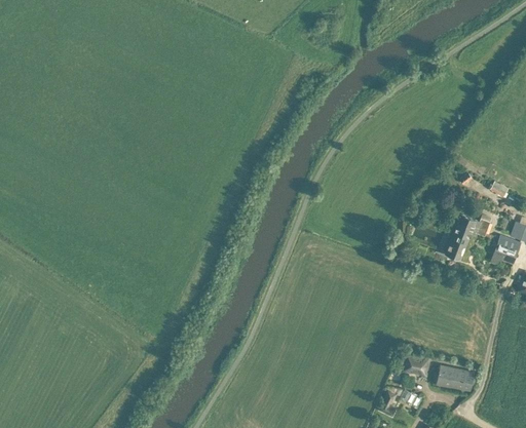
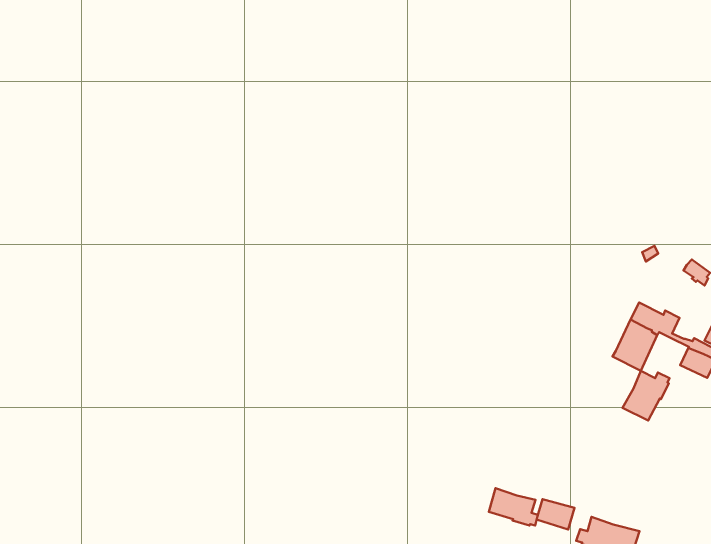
building: none -> [622,371,670,421]
building: none -> [489,488,538,525]

